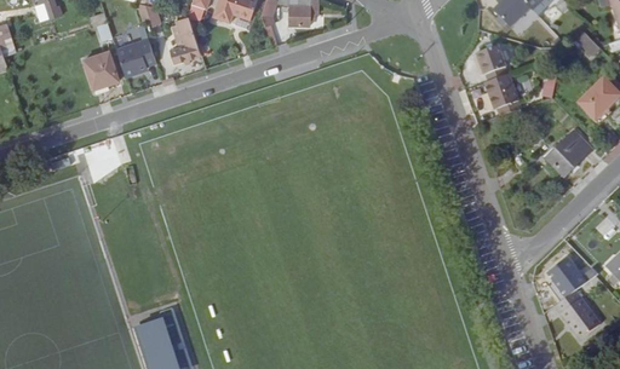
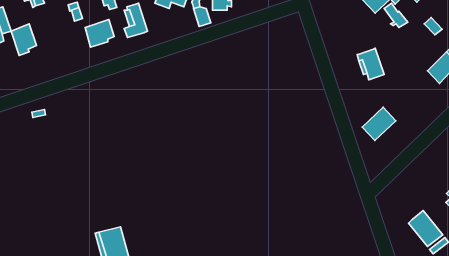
building: [475,45,506,82] -> none
building: [88,48,122,91] -> [11,24,36,55]
building: [545,131,590,175] -> [362,107,396,141]
building: [544,259,595,304] -> none

